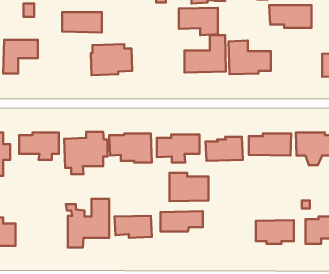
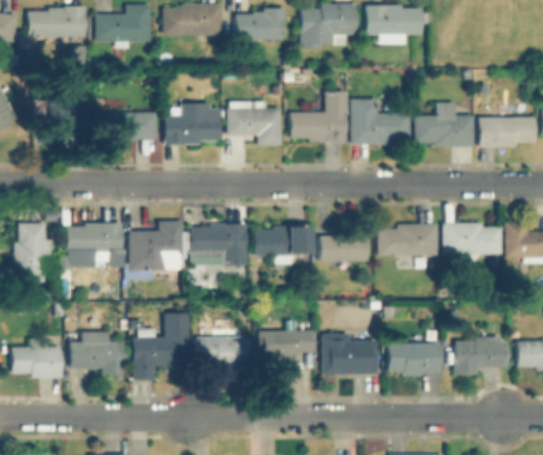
building: [269,5,312,28] -> [416,115,473,146]
building: [179,8,218,35] -> [229,107,282,144]
building: [62,12,102,32] -> [103,112,157,139]
building: [170,173,208,201] -> [324,335,377,373]
building: none -> [71,331,125,375]

